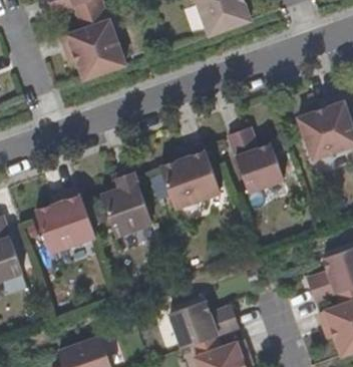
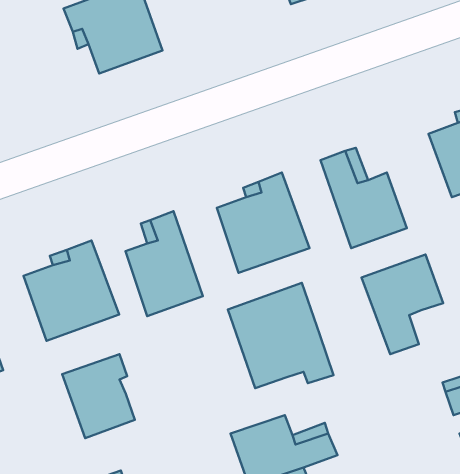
building: none -> [362,255,443,354]
building: none -> [228,283,333,388]
building: none -> [62,354,135,438]

